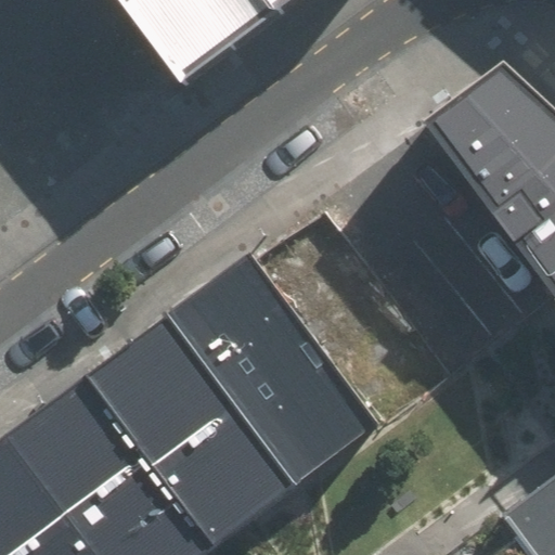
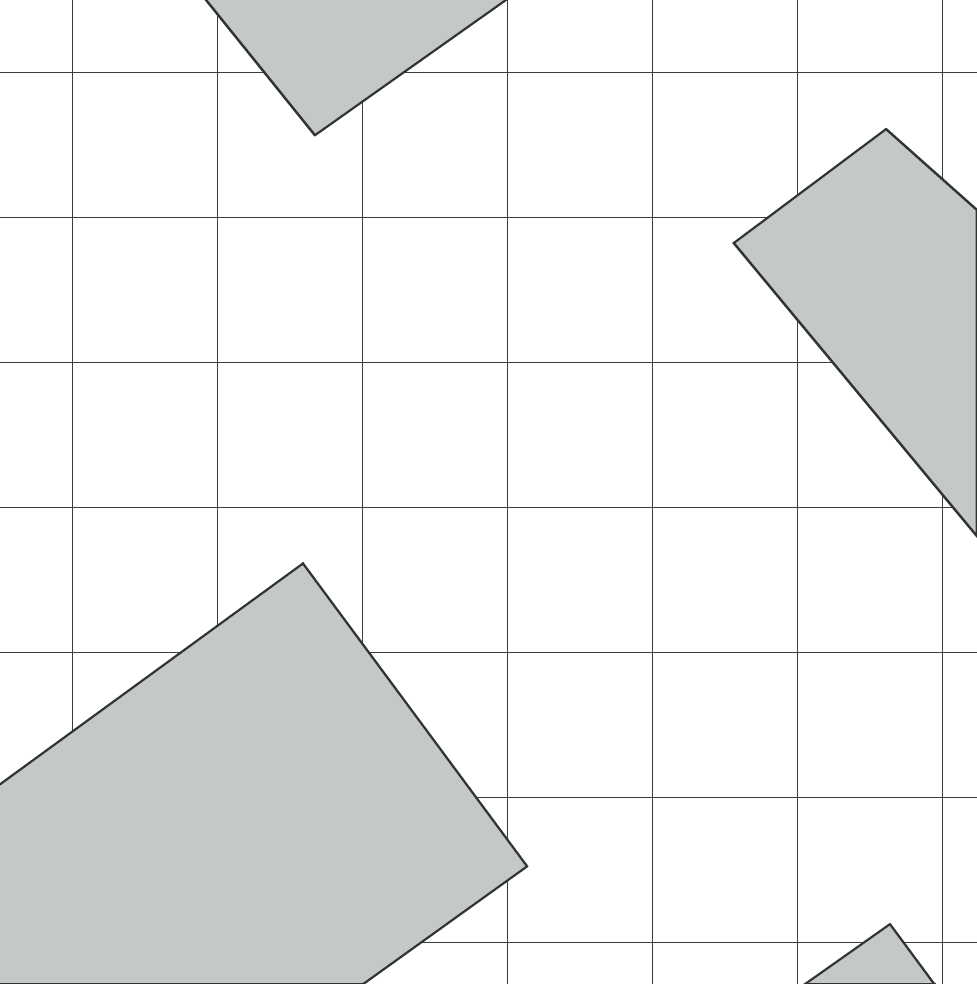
building: [170,251,385,487] -> none

